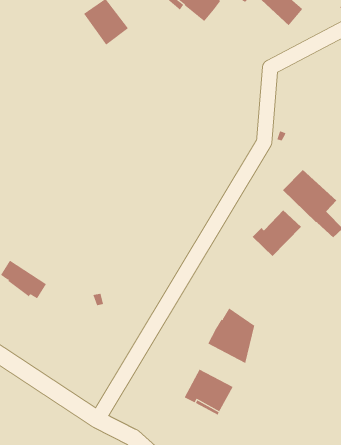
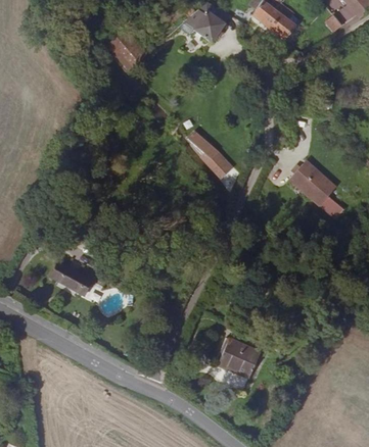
building: none -> [188,132,228,171]
building: [252,209,302,257] -> none
building: [208,307,255,364] -> none

